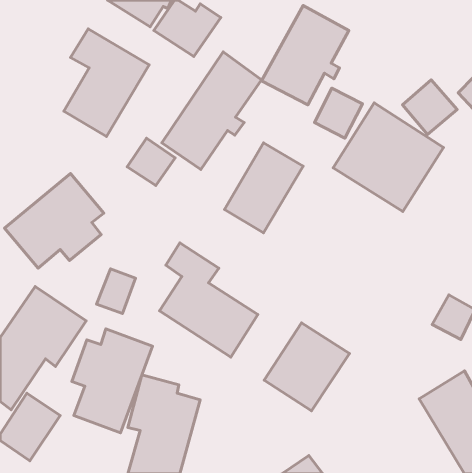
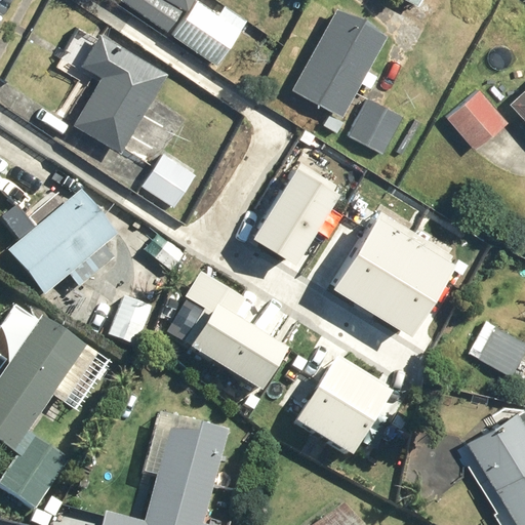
building: [162,52,262,169] -> none
building: [333,103,444,211] -> [329,207,451,327]
building: [72,329,152,433] -> none

